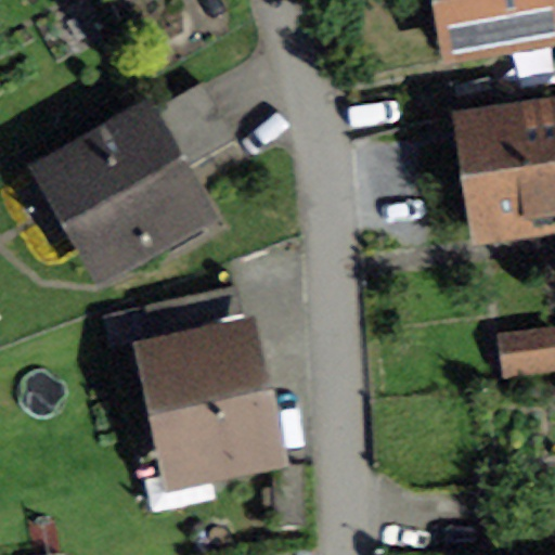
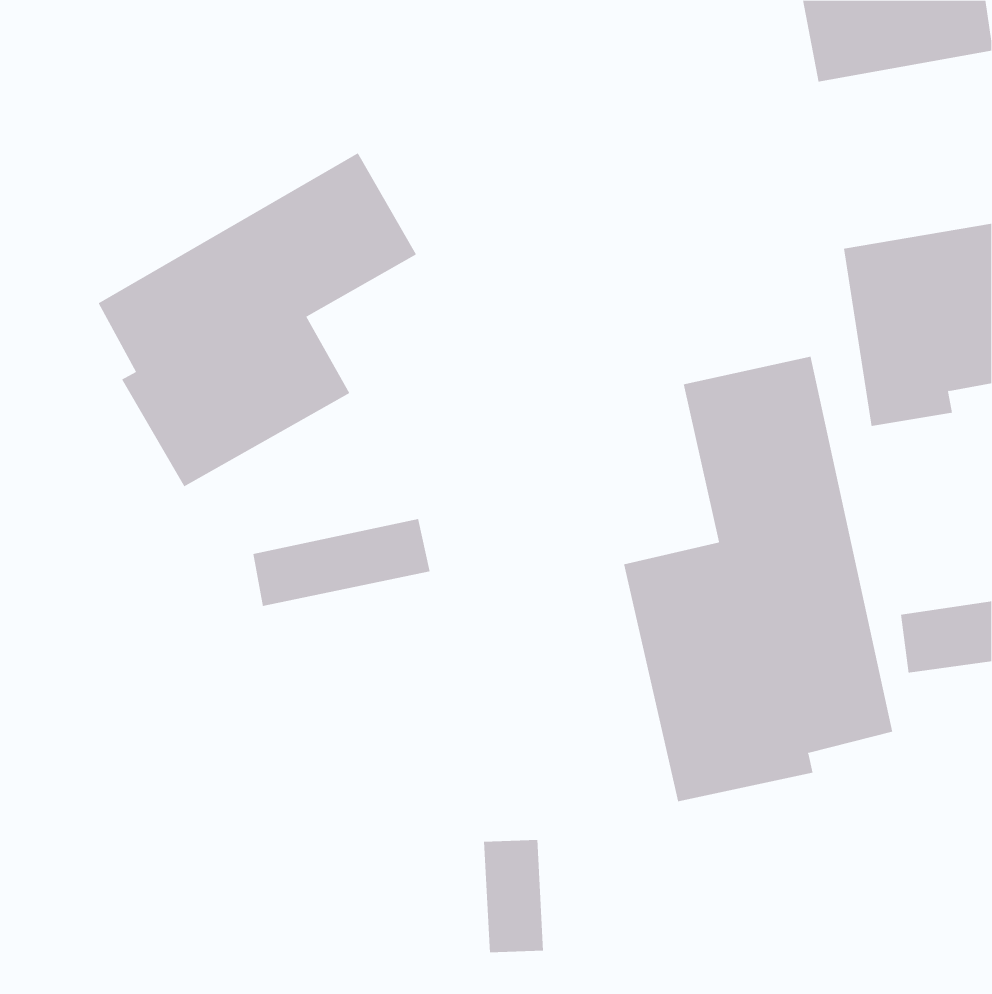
building: none -> [623,356,893,802]
building: [137,335,264,475] -> none

